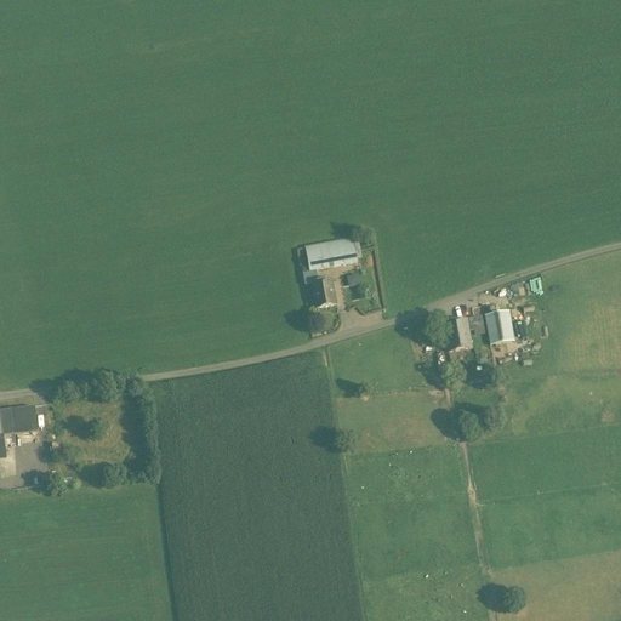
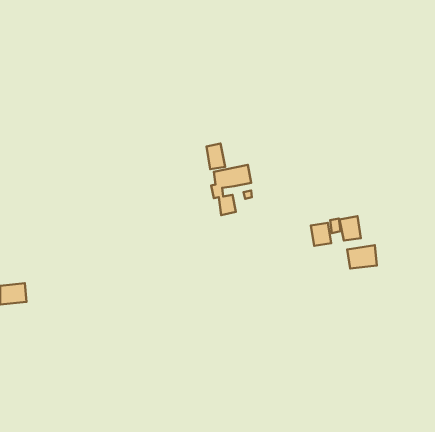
building: none -> [206,144,225,169]
building: none -> [347,245,377,268]

